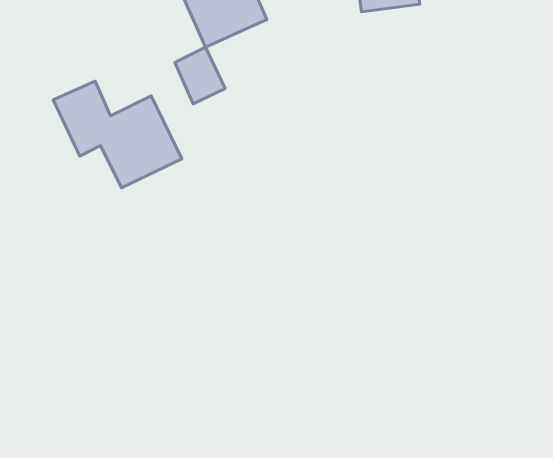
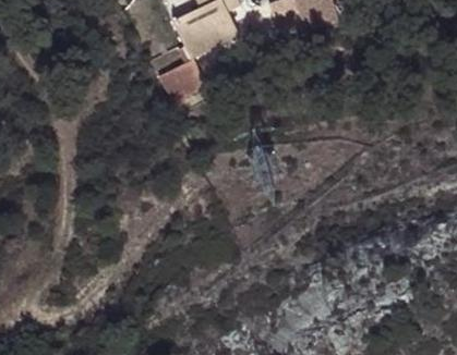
building: [53,81,182,188] -> none

